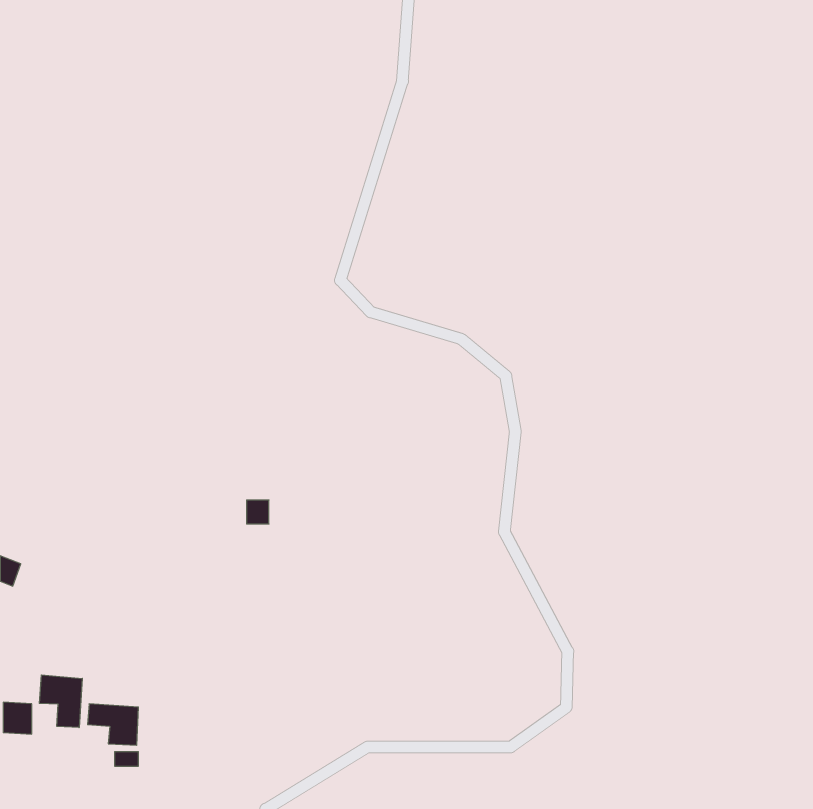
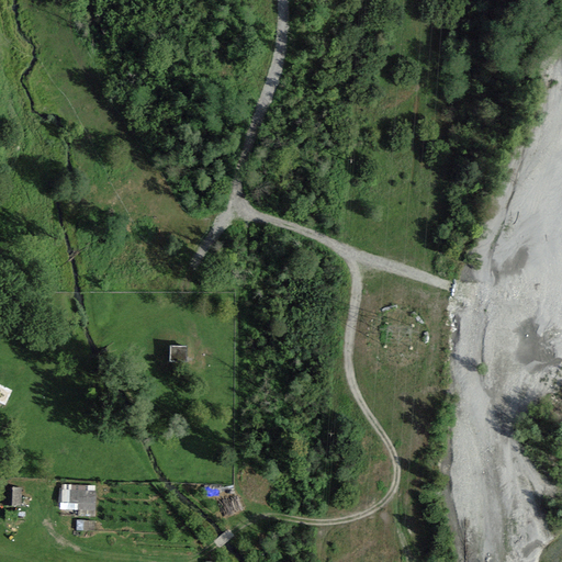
building: [39,675,82,728] -> none

